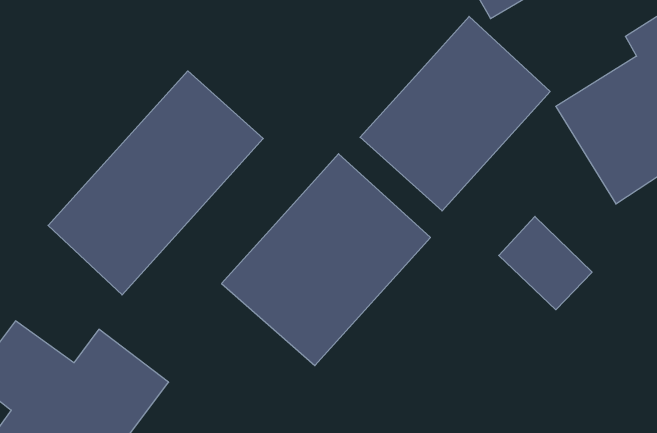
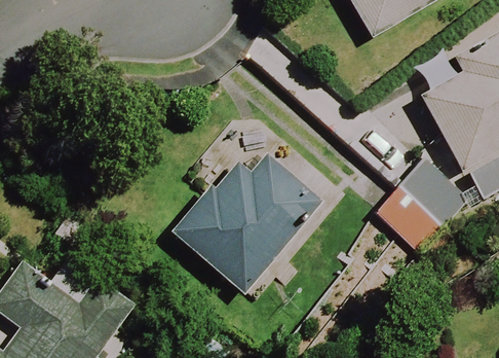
building: [360,16,550,211] -> none
building: [48,71,263,295] -> none

